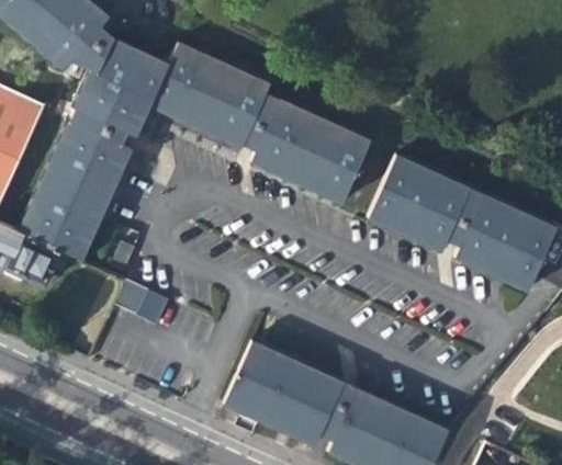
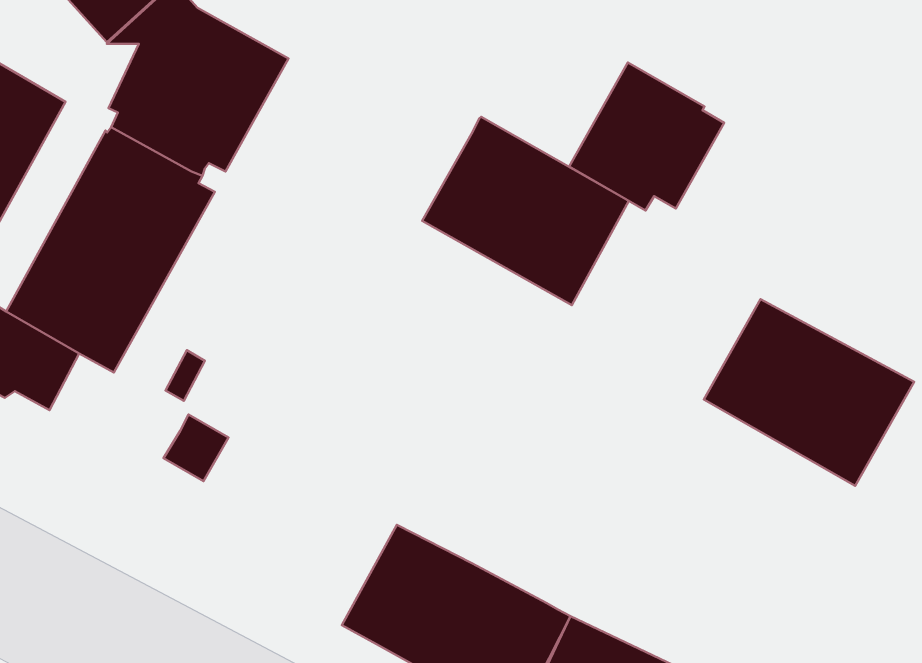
building: [151,50,280,157] -> none
building: [366,163,454,249] -> [569,63,724,211]

